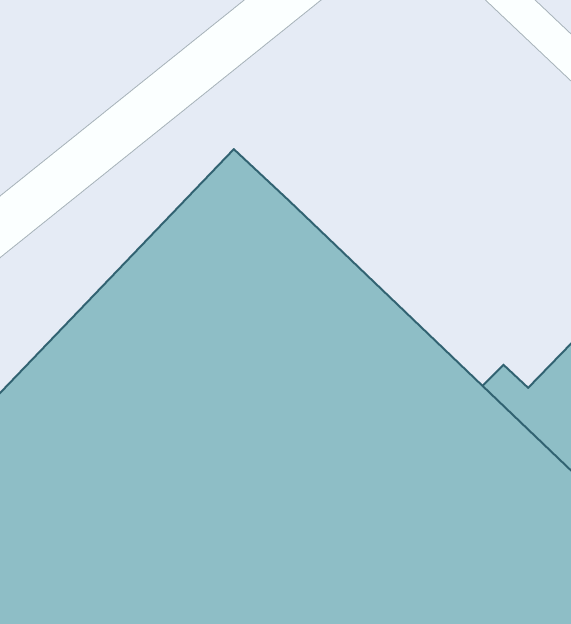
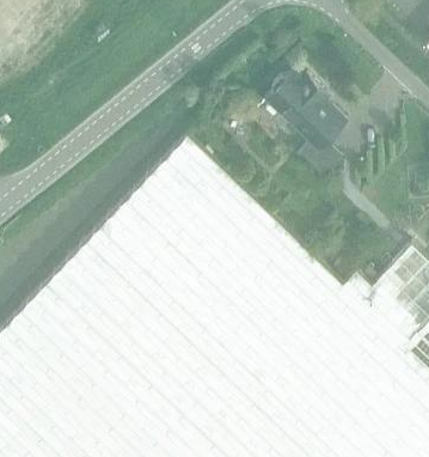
building: none -> [265,75,347,181]

